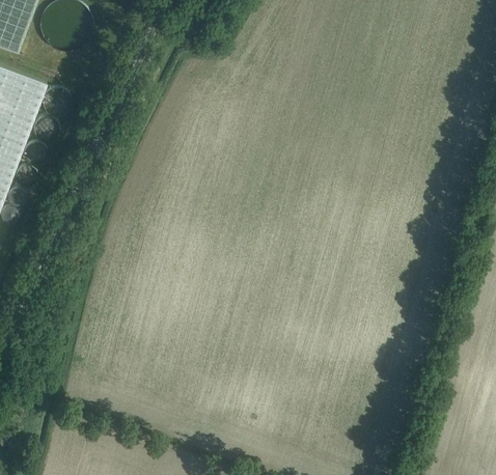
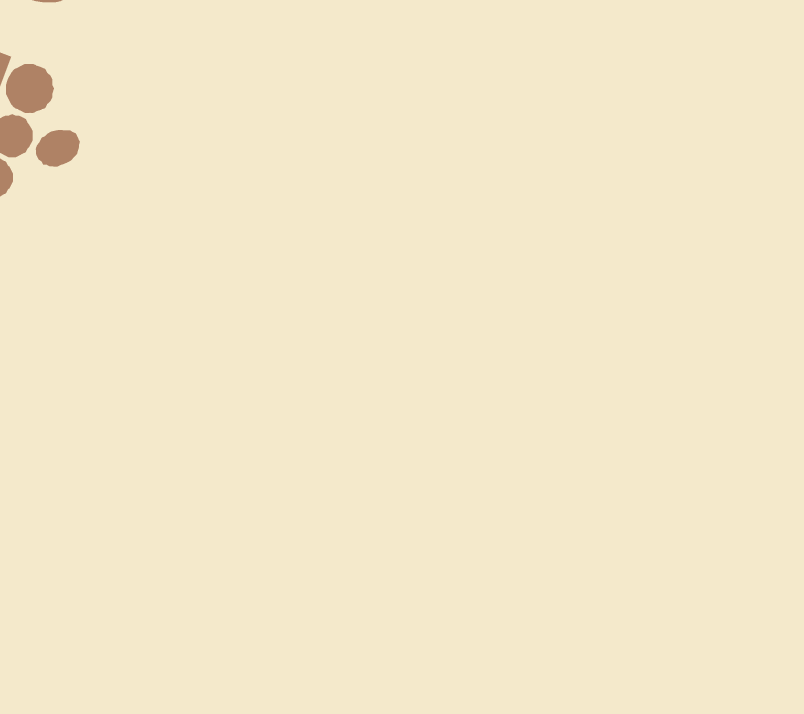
building: none -> [35,129,81,167]

